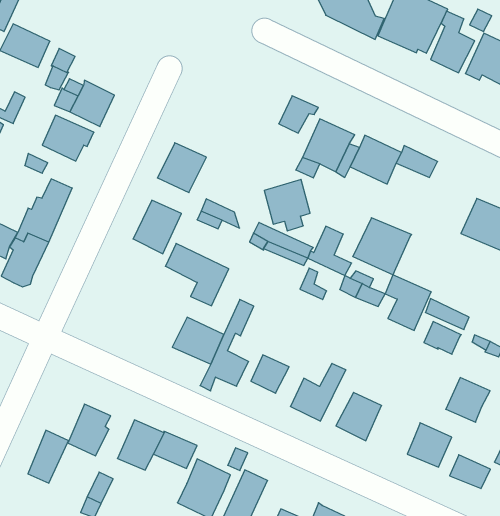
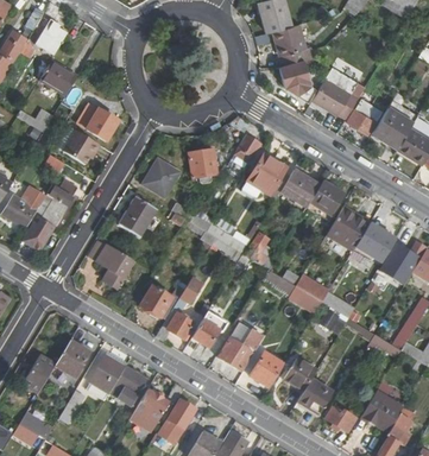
building: [264,179,310,231] -> [187,150,217,185]
building: [353,218,412,275] -> [327,208,371,251]
building: [165,243,229,306] -> [88,240,133,287]
building: [446,378,490,422] -> [284,357,317,391]

